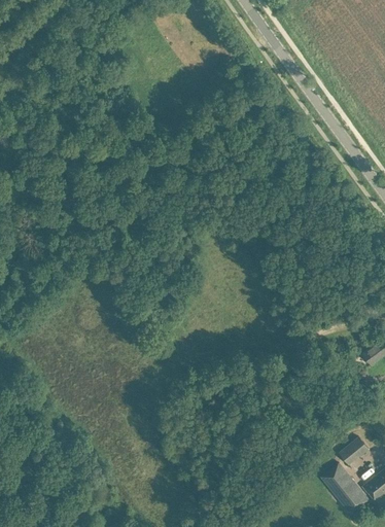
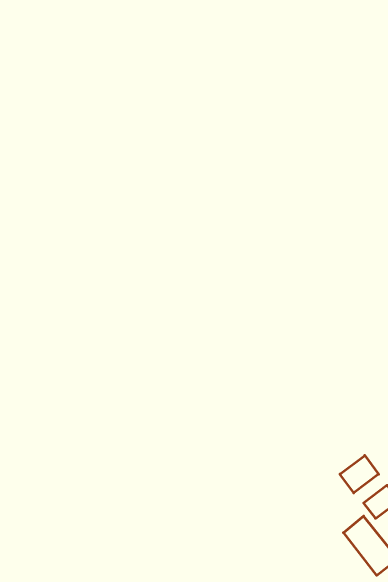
building: none -> [340,455,379,493]

